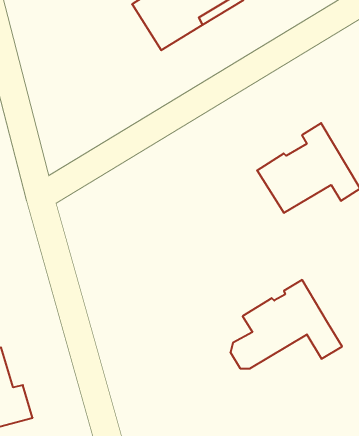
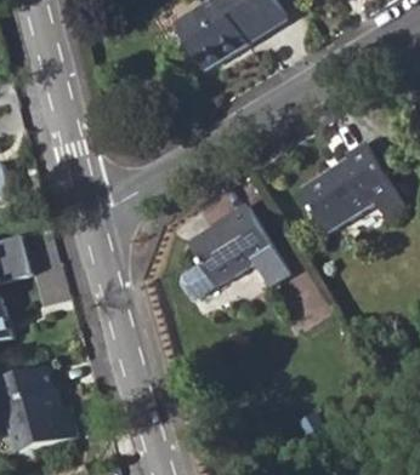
building: [230,280,342,368] -> [177,207,289,296]

